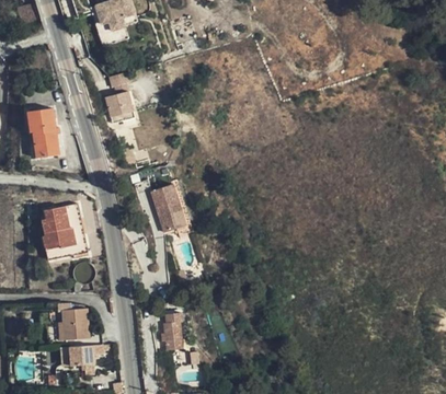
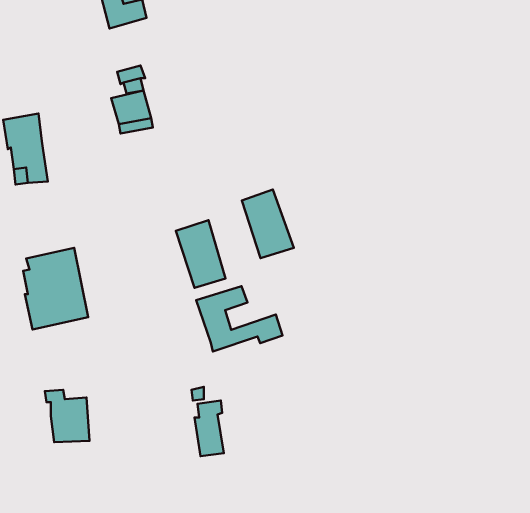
building: none -> [242,189,294,258]
building: none -> [196,286,283,352]
building: [69,344,103,372] -> none

